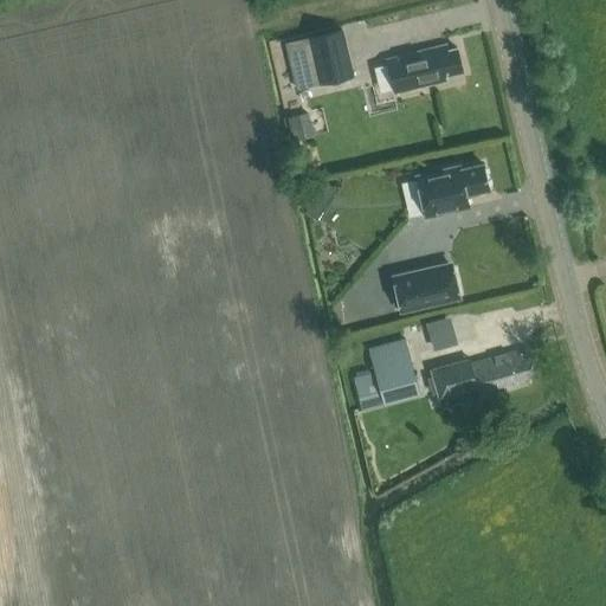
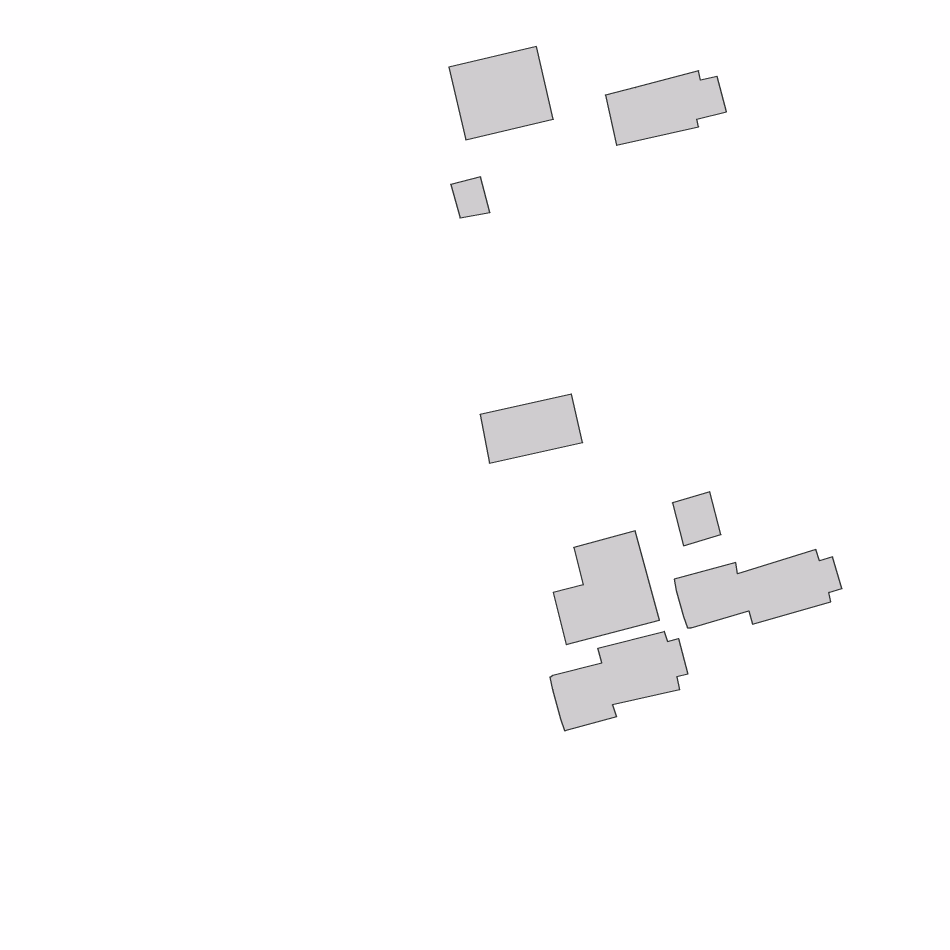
building: [414,166,488,219] -> none
building: [393,269,458,312] -> [480,394,583,463]
building: none -> [550,631,688,731]

